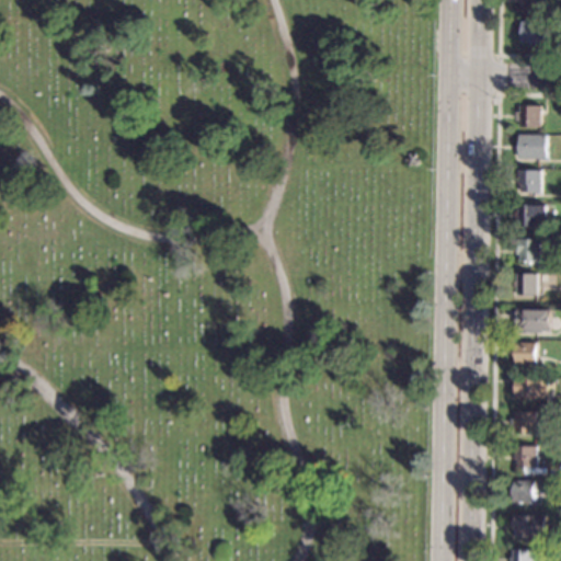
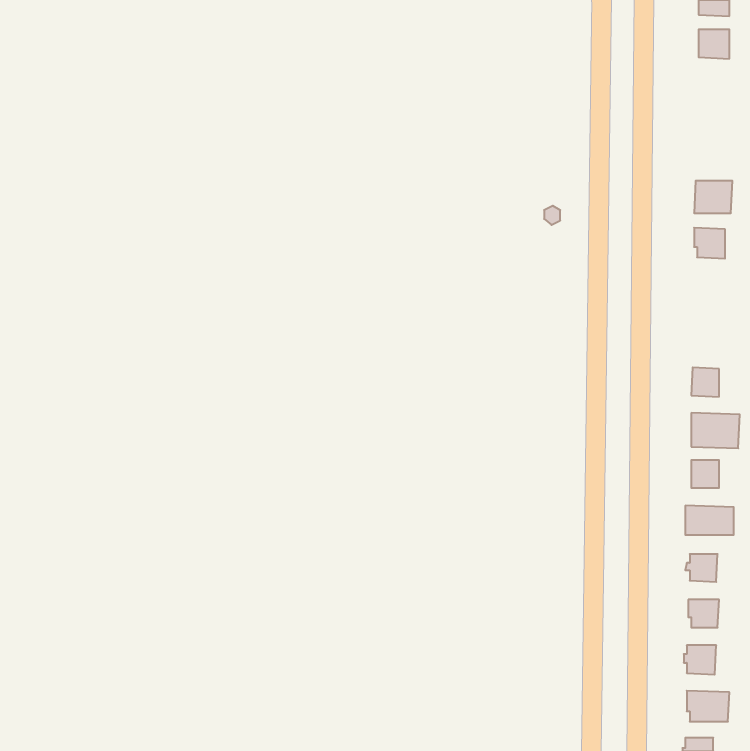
building: [515,106,540,128] -> none
building: [515,205,548,227] -> none
building: [515,240,539,261] -> none

